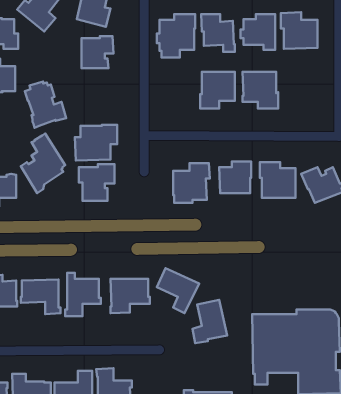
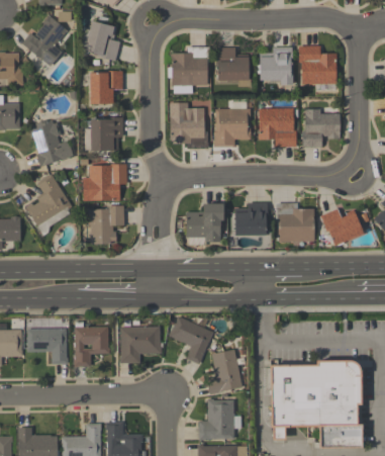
building: none -> [170,103,208,150]
building: none -> [303,109,341,148]
building: none -> [85,118,123,152]
building: none -> [198,398,242,440]

